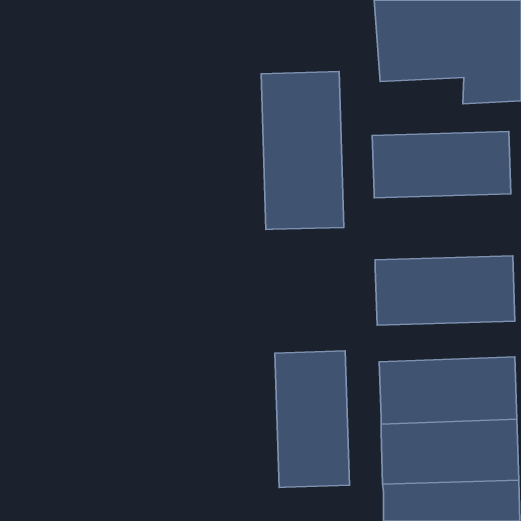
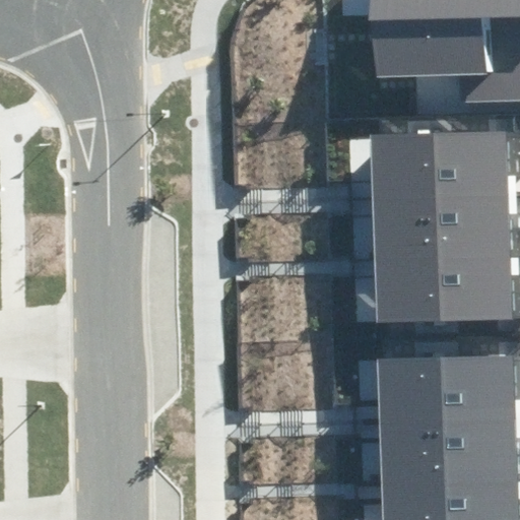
building: [261,72,344,230] -> none
building: none -> [373,193,511,259]
building: [275,351,350,487] -> none

